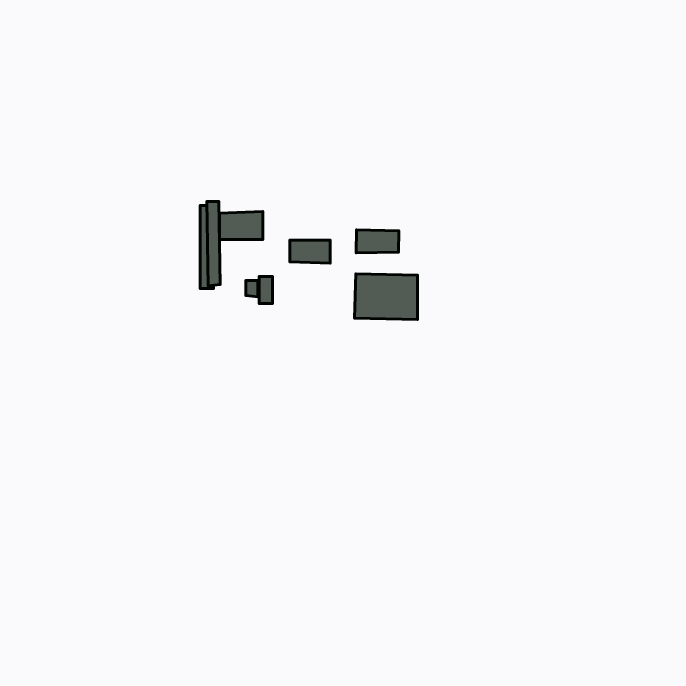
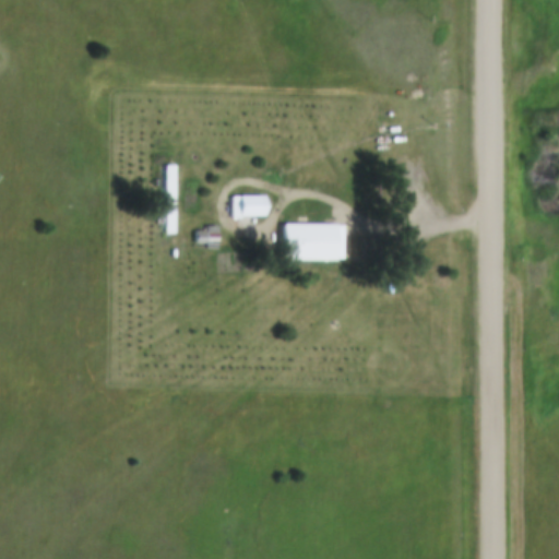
building: [219,211,263,240] -> none
building: [356,230,399,253] -> none

